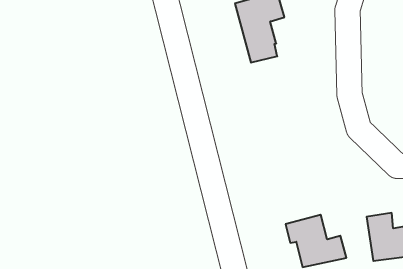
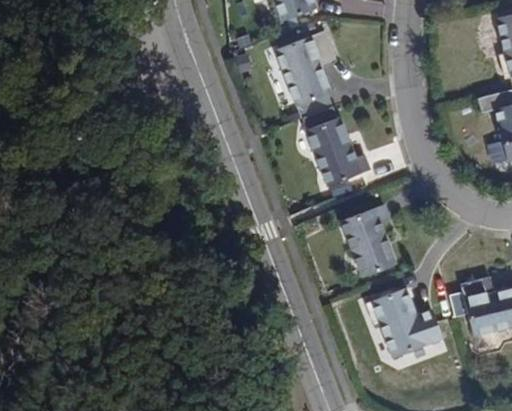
building: none -> [308,117,371,185]
building: none -> [343,206,398,278]

